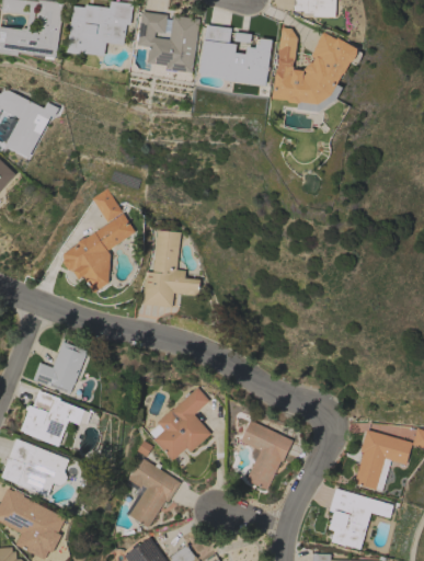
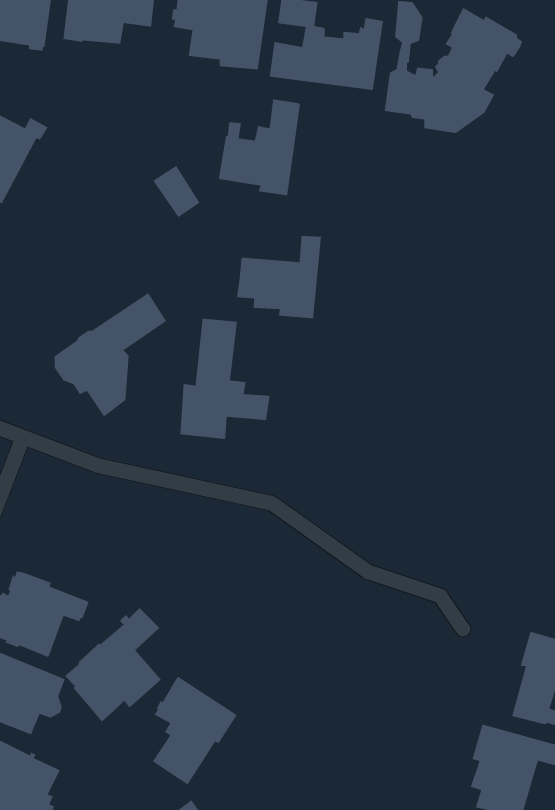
building: none -> [218,99,301,196]
building: none -> [236,235,322,319]
building: [91,188,122,222] -> [152,165,200,218]
building: [33,342,88,394] -> none
building: [148,388,210,461] -> [64,607,162,722]
building: [240,420,293,490] -> none

